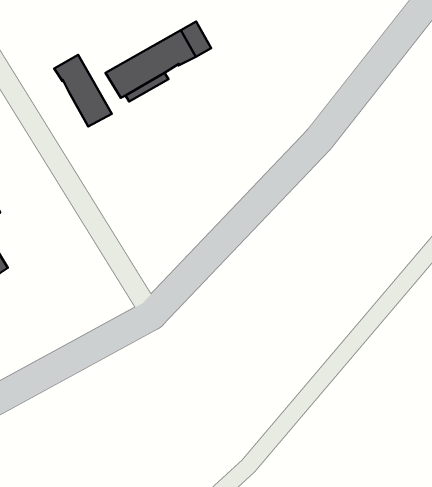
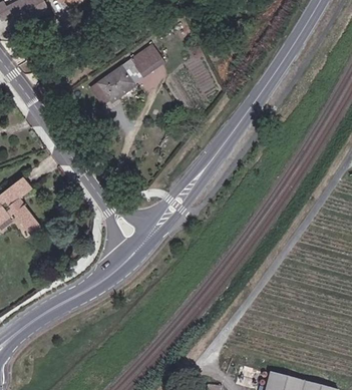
building: [54,55,112,127] -> none

